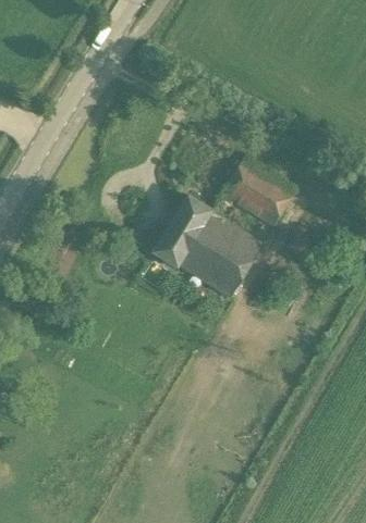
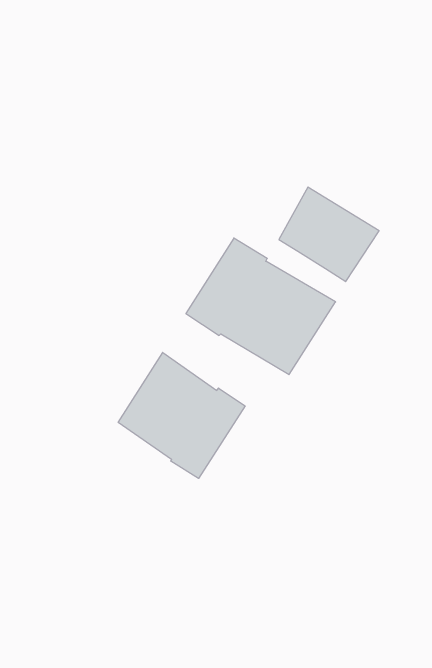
building: none -> [118,352,245,478]

